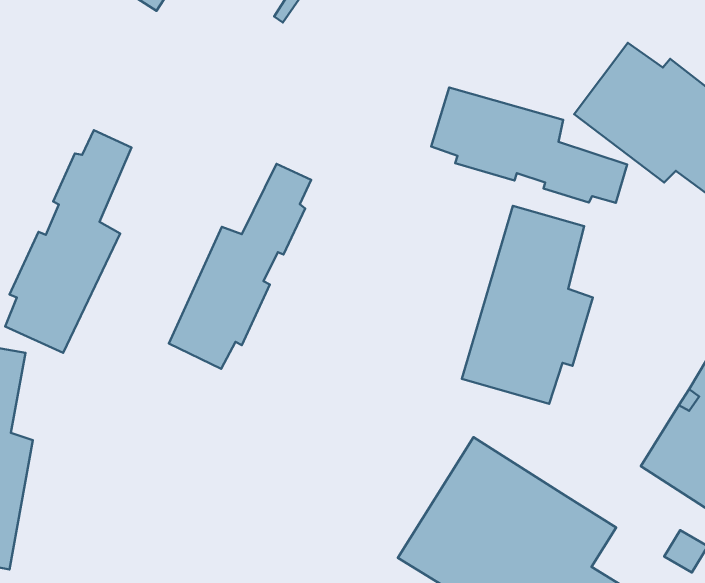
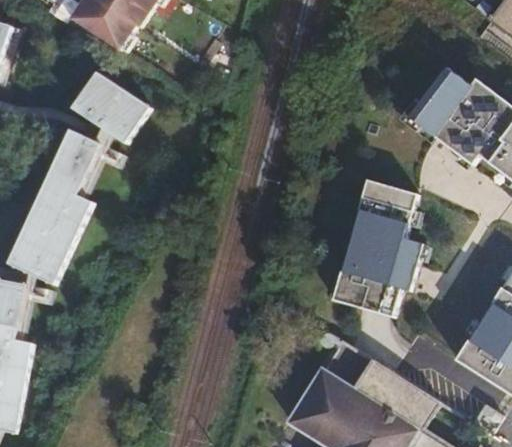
building: none -> [81,68,153,139]
building: [431,88,627,203] -> none
building: [169,164,311,369] -> none

